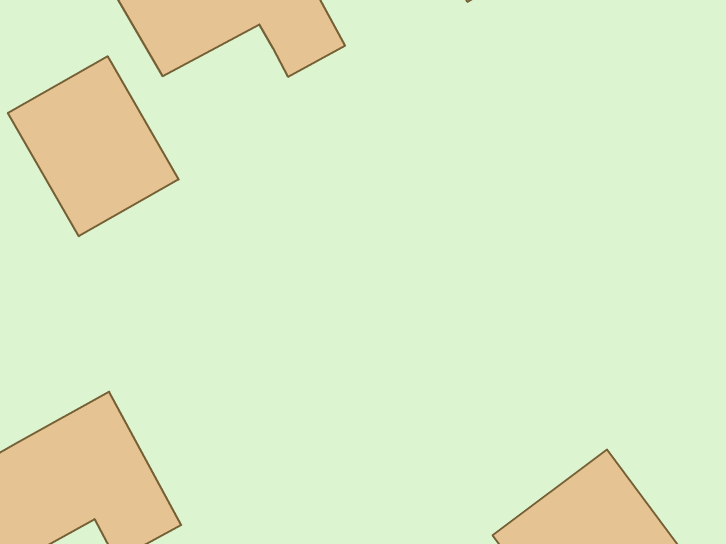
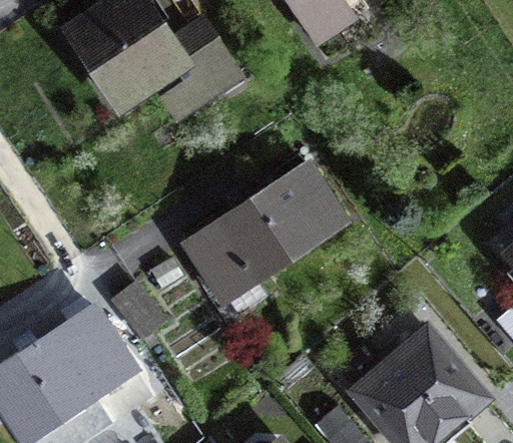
building: [8,56,179,236] -> none
building: none -> [186,165,345,314]

